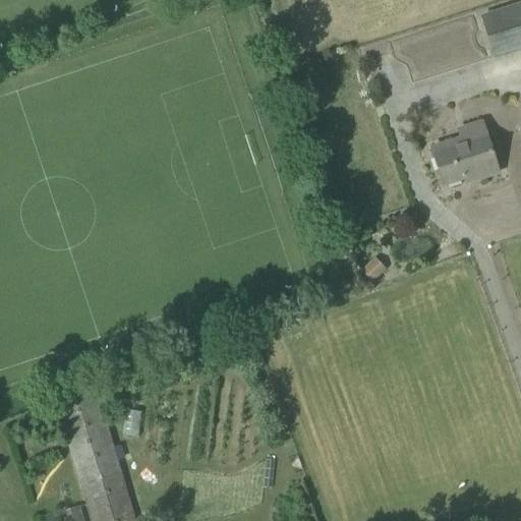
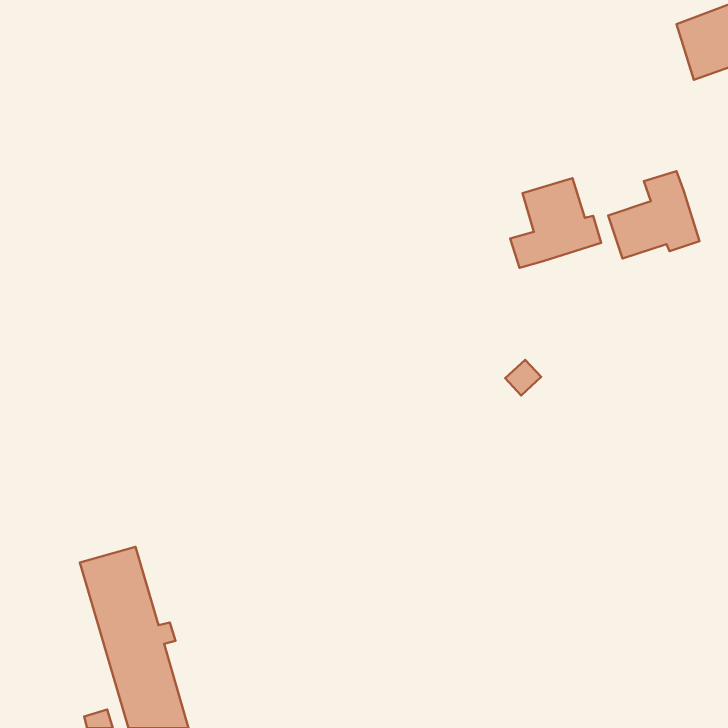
building: none -> [510,178,601,268]

